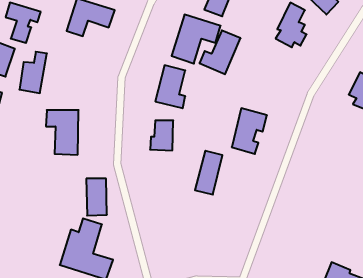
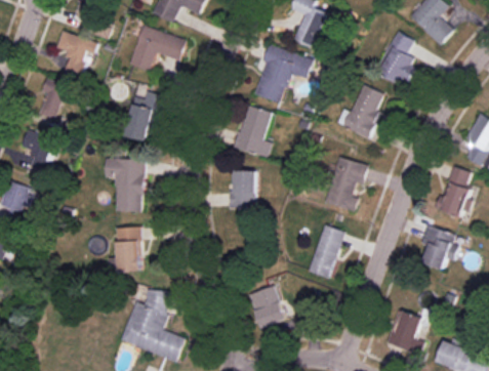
building: [199,30,241,74] -> [335,85,384,137]
building: [19,52,47,93] -> [125,92,158,141]
building: none -> [435,167,471,218]
building: [195,151,222,195] -> [309,225,341,278]
building: none -> [419,225,458,270]
building: [86,179,107,216] -> [116,228,140,272]
building: none -> [249,286,285,328]
building: none -> [385,310,422,355]

